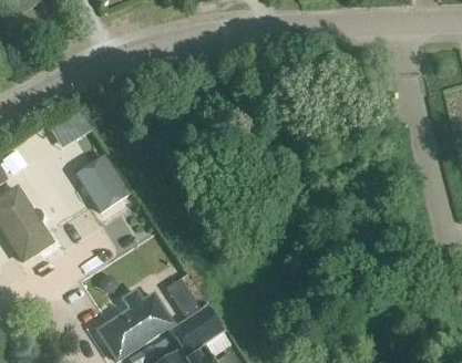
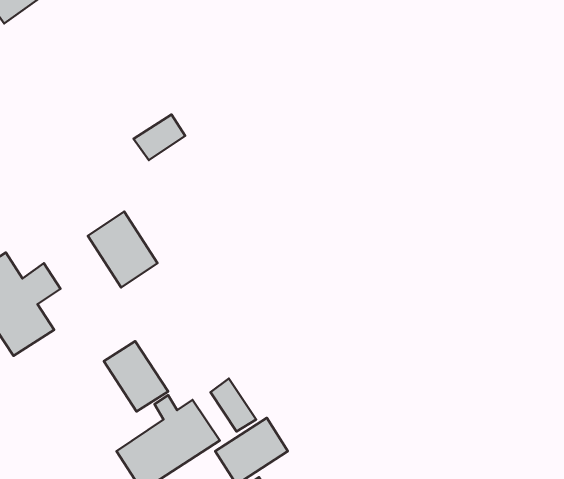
building: [53,111,91,144] -> [134,115,185,160]
building: none -> [104,341,168,411]

